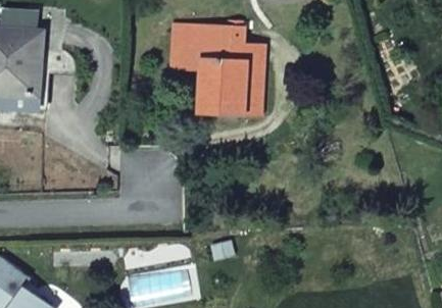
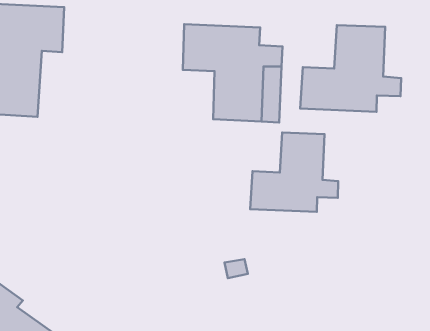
building: none -> [300,25,401,112]
building: none -> [250,132,338,212]

